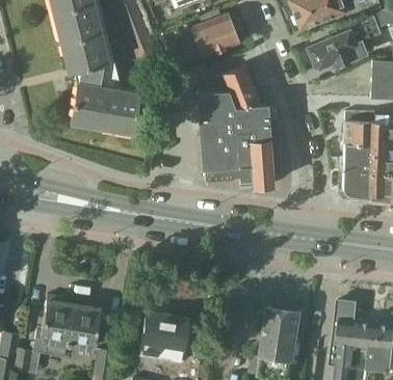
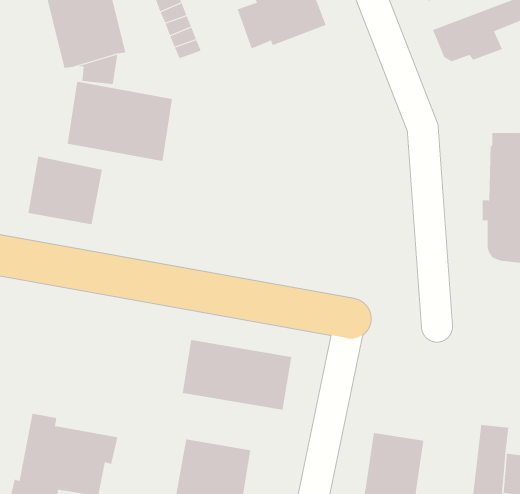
building: [198,63,282,188] -> none
building: none -> [28,156,103,225]
building: none -> [182,339,292,411]

